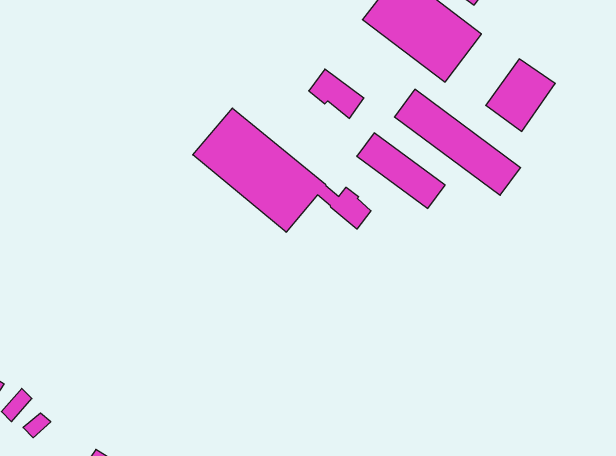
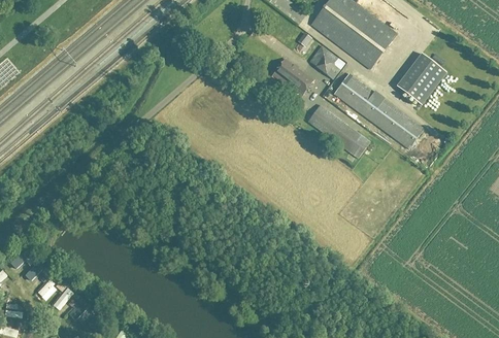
building: none -> [308,44,342,78]
building: [193,108,371,232] -> none

